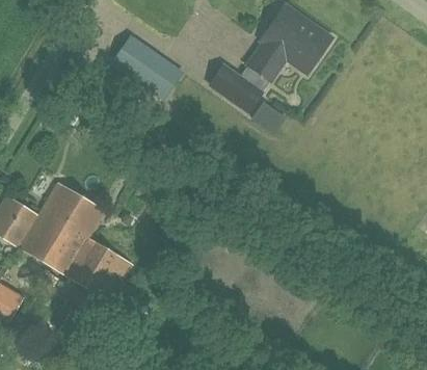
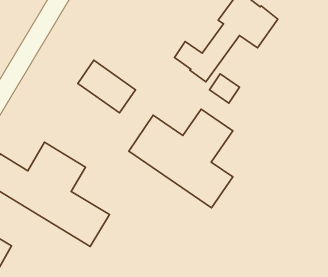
building: [113,36,181,98] -> [78,60,136,113]
building: none -> [129,109,233,208]

